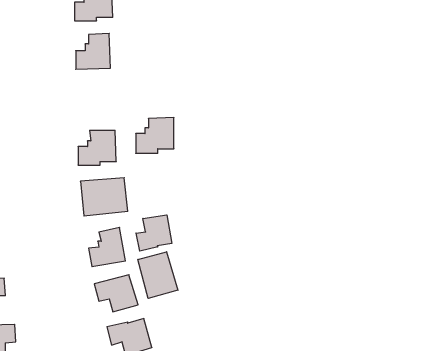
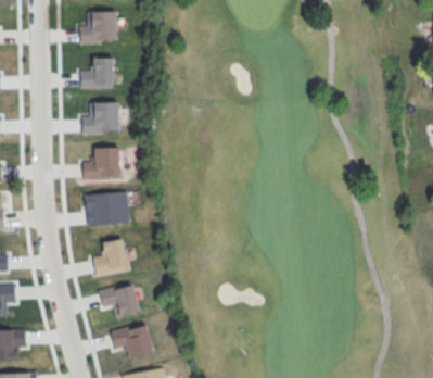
building: [136,118,174,153] -> [82,101,118,135]
building: [136,215,172,251] -> none
building: [138,252,178,298] -> none

